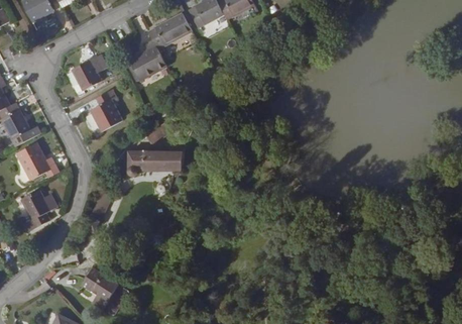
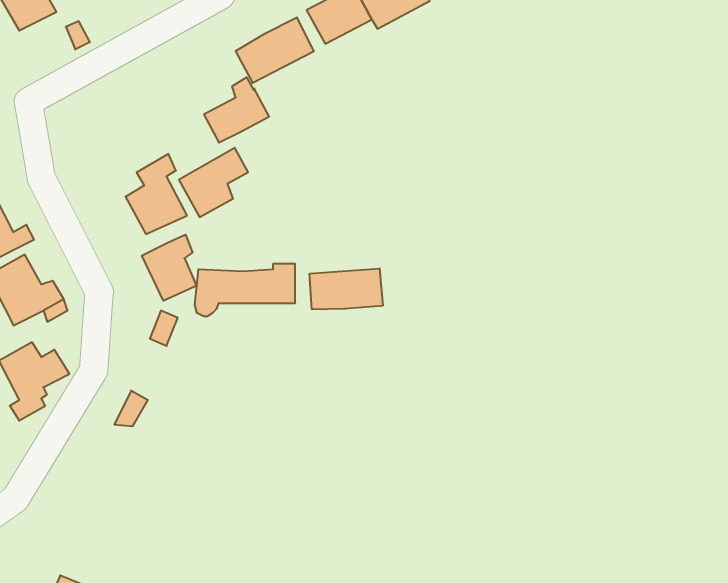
building: [72,51,109,89] -> [179,148,248,217]
building: none -> [142,235,197,301]
building: none -> [310,268,383,309]
building: [83,268,119,312] -> none

